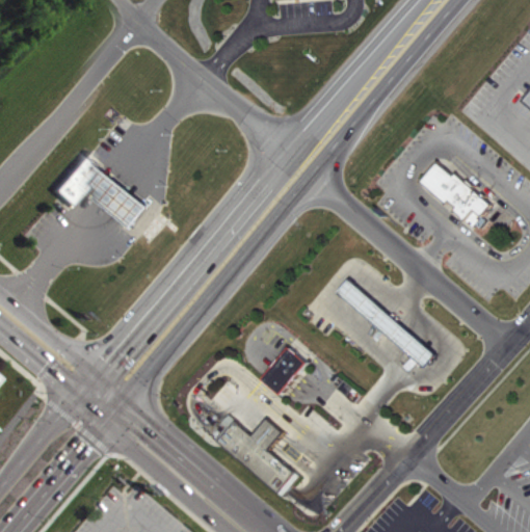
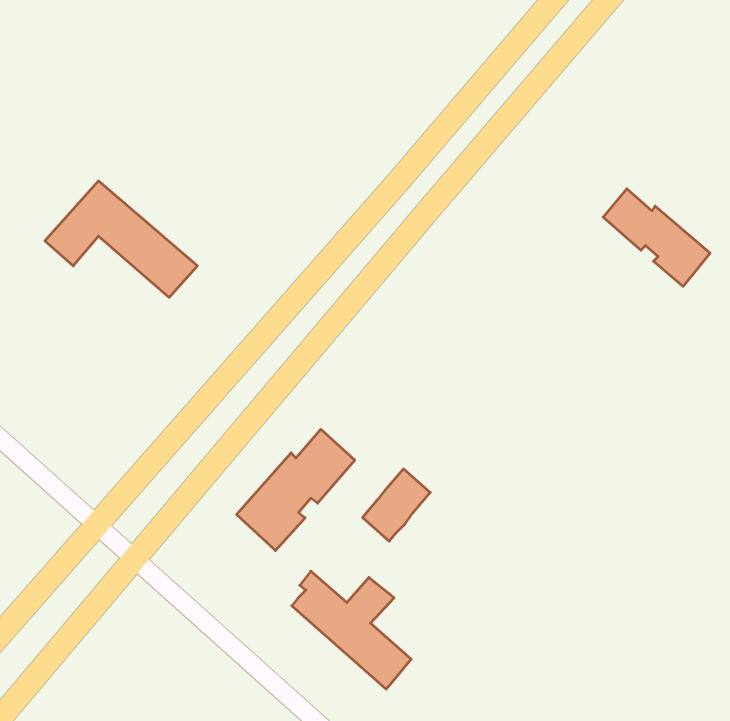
building: [337,280,435,367] -> none
building: none -> [237,429,355,551]

